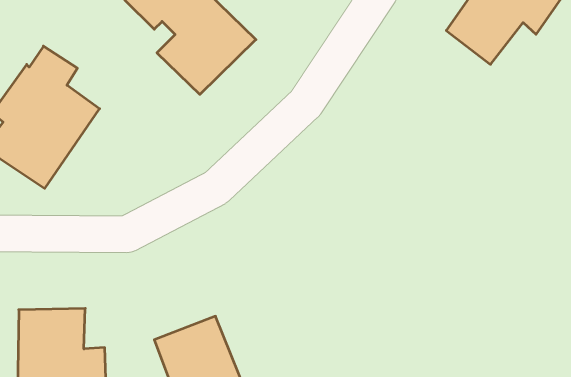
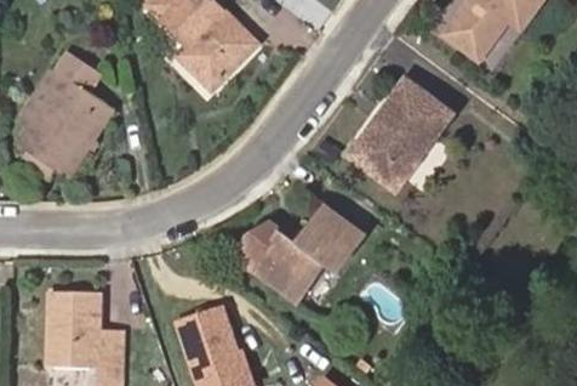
building: none -> [347,80,445,187]
building: none -> [234,199,377,306]

